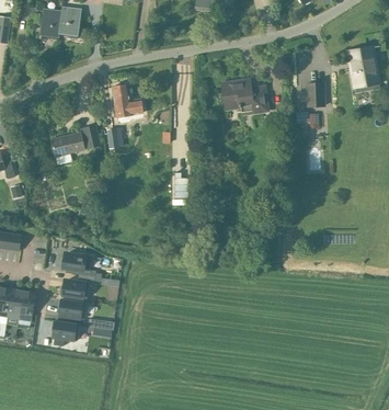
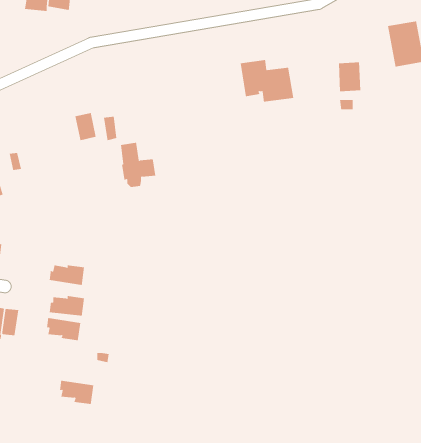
building: [112,83,142,122] -> [120,142,156,187]
building: [50,132,83,156] -> none
building: [50,320,80,341] -> [59,380,94,405]

